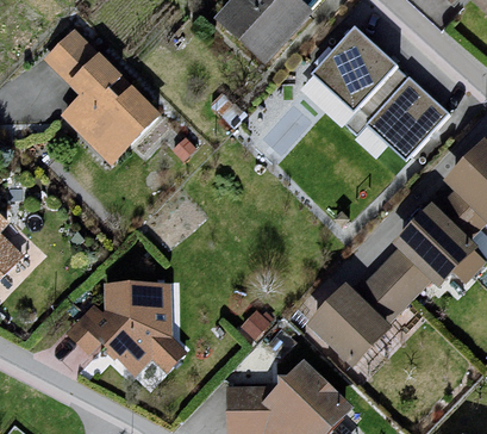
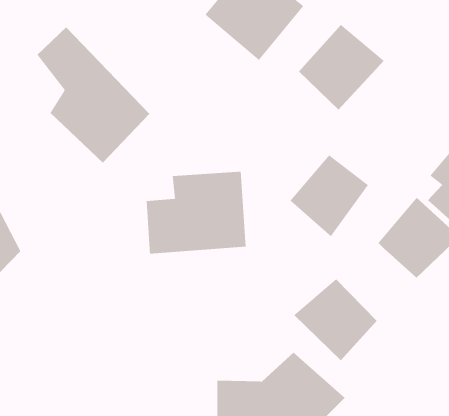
building: [368,79,448,162] -> [290,154,369,237]
building: [358,255,426,320] -> none
building: [87,281,188,365] -> [146,171,246,254]

